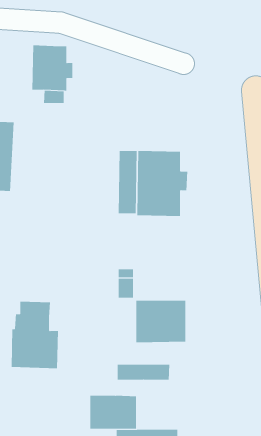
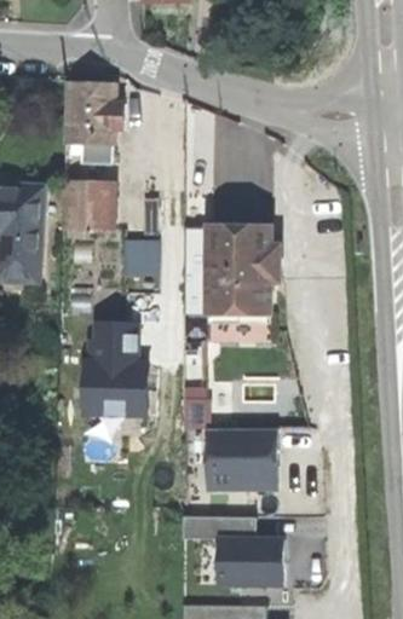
building: none -> [63,180,113,231]
building: none -> [123,241,159,273]
building: [11,301,59,369] -> [84,323,149,415]
building: [90,395,137,429] -> [219,538,283,584]

